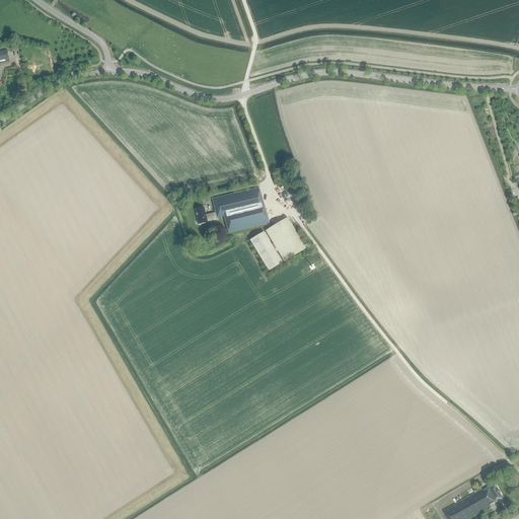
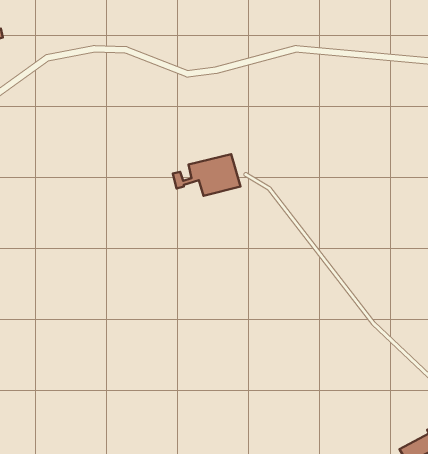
building: [249,217,305,270] -> none

